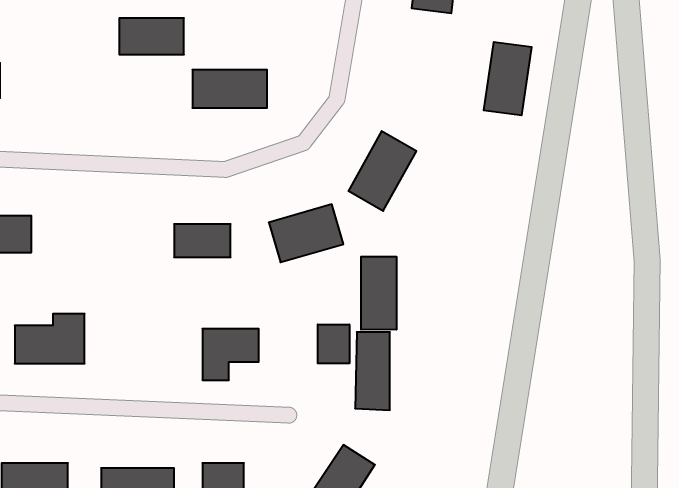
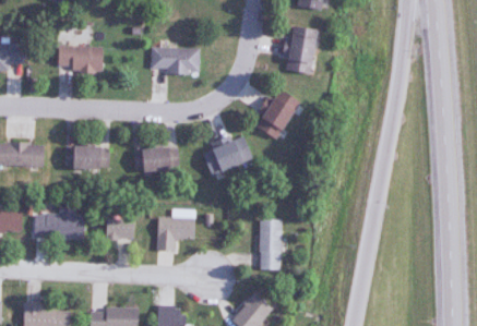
building: [119,18,184,55] -> [59,47,102,71]
building: [484,42,532,115] -> [285,25,317,73]
building: none -> [71,146,107,169]
building: [361,257,396,330] -> none
building: [318,324,349,363] -> none
building: none -> [105,218,133,240]

